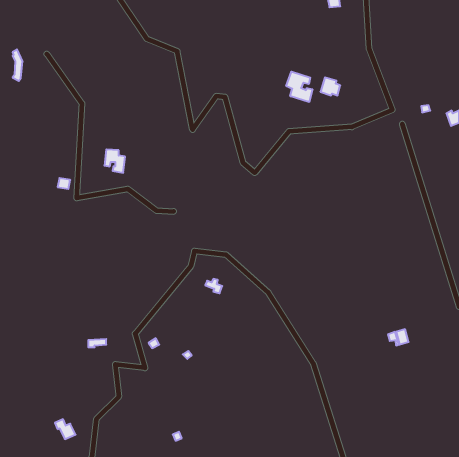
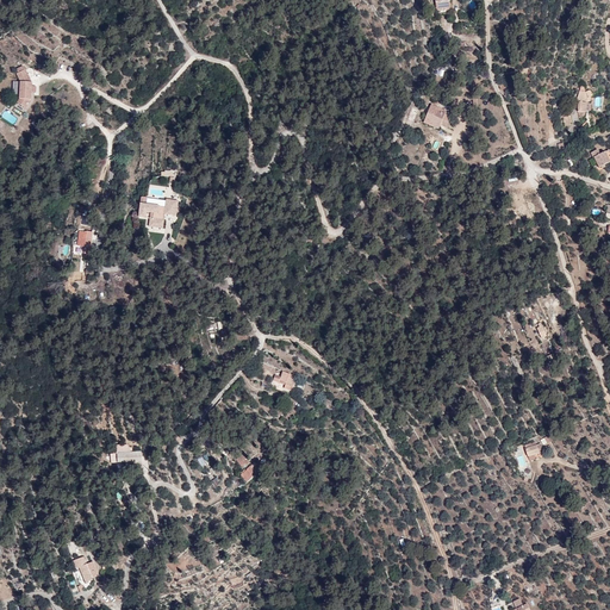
building: [286,72,312,102] -> none

